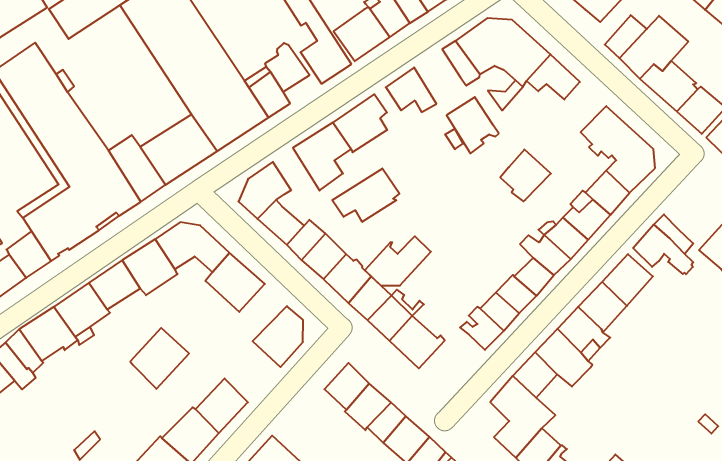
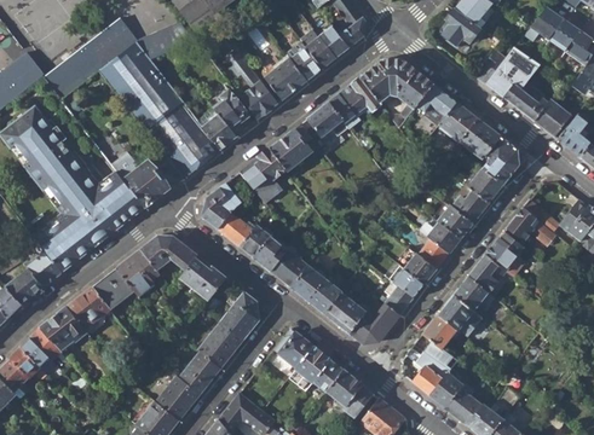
building: [447,97,499,153] -> [328,86,369,129]
building: [500,149,551,201] -> [439,103,478,143]
building: [332,168,399,222] -> none
building: [365,236,431,286] -> [350,303,399,343]
building: [130,328,189,389] -> [198,321,243,369]

